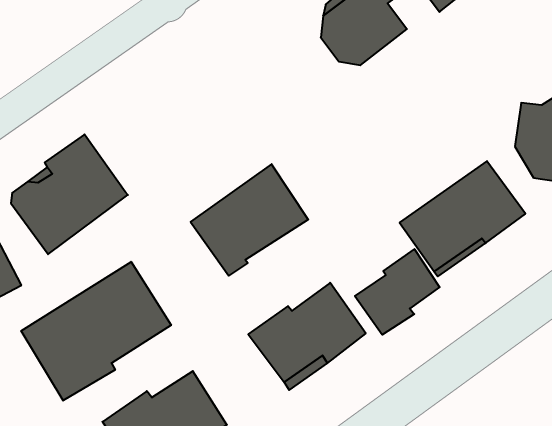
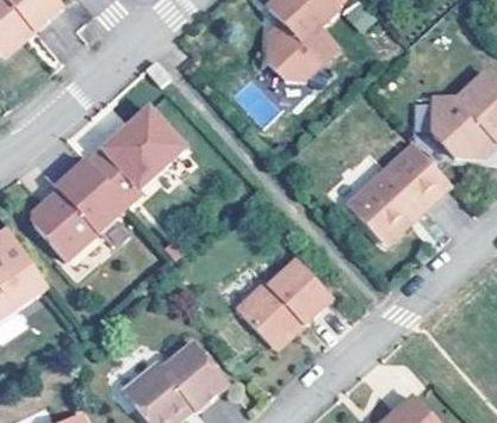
building: [191,164,308,276] -> [87,107,182,201]
building: [355,249,440,335] -> none
building: [21,262,171,401] -> none

